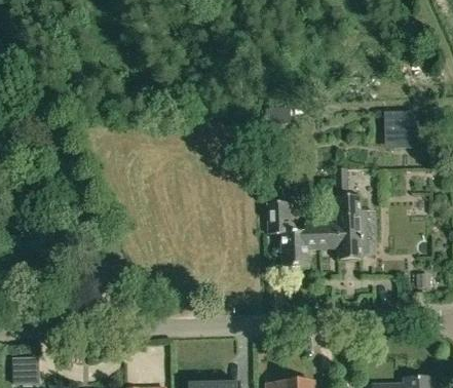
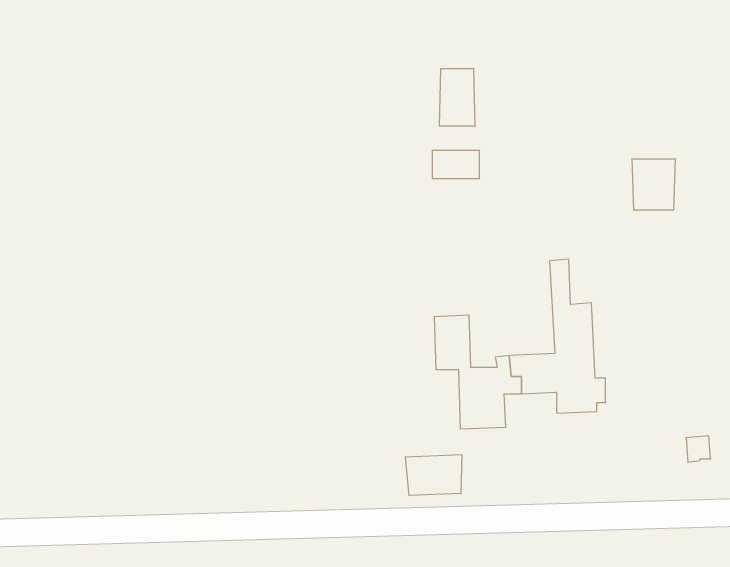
building: none -> [440,68,475,126]
building: none -> [405,455,462,496]

